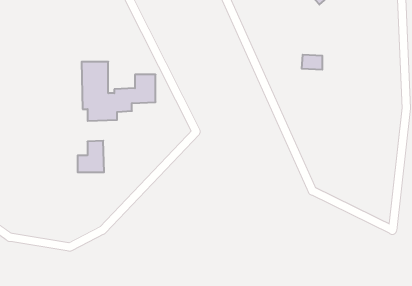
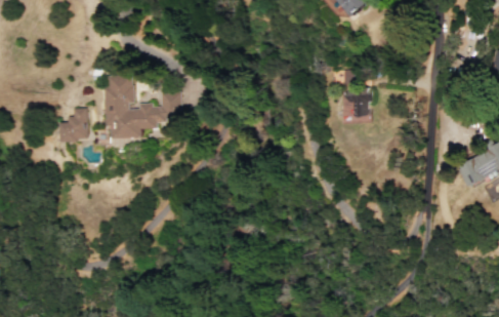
building: none -> [345,88,372,123]
building: [78,141,104,172] -> [60,108,88,141]

